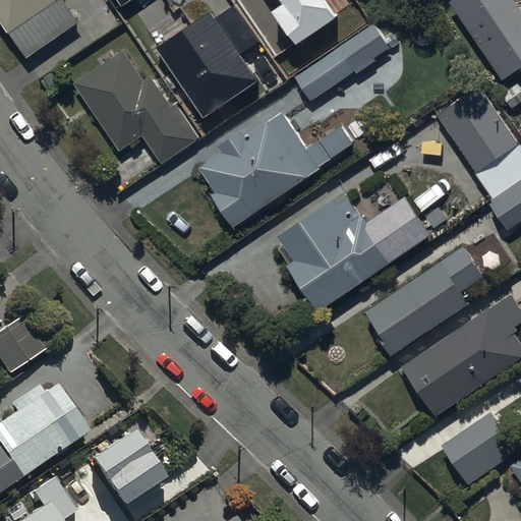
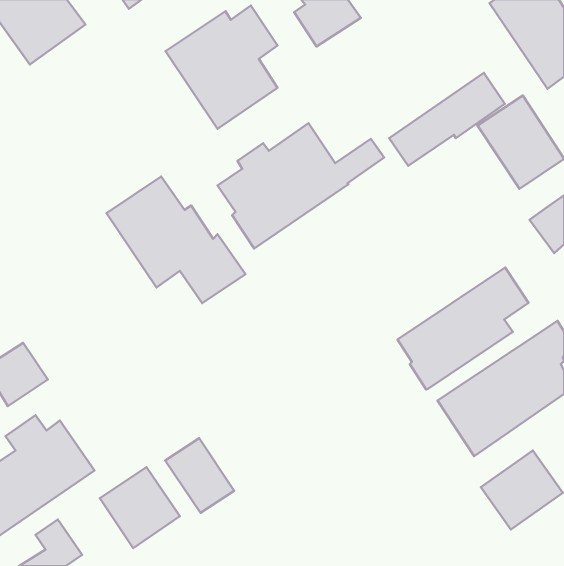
building: [293,15,399,101] -> [389,73,505,166]
building: [72,50,199,166] -> [107,177,245,303]
building: [277,198,431,312] -> none
building: none -> [165,438,234,513]

